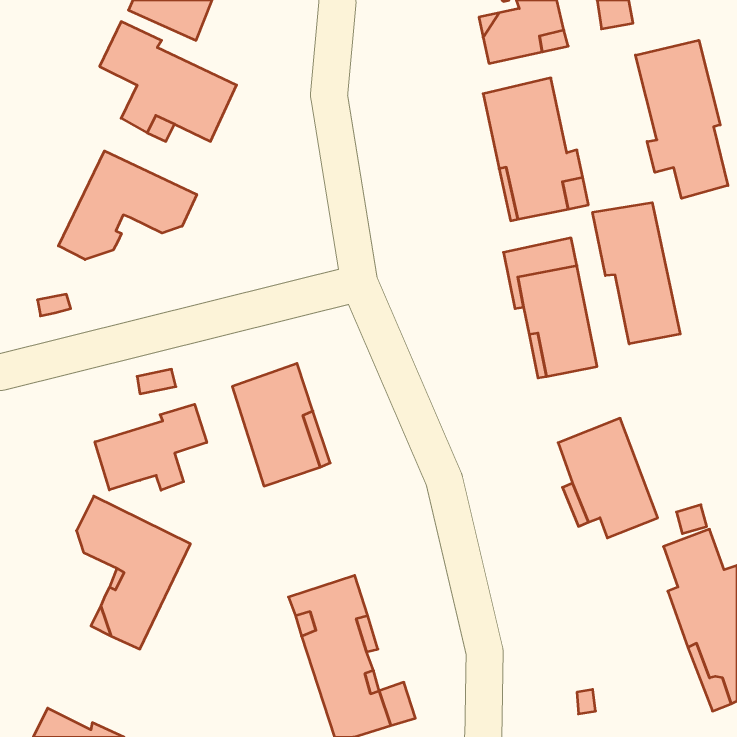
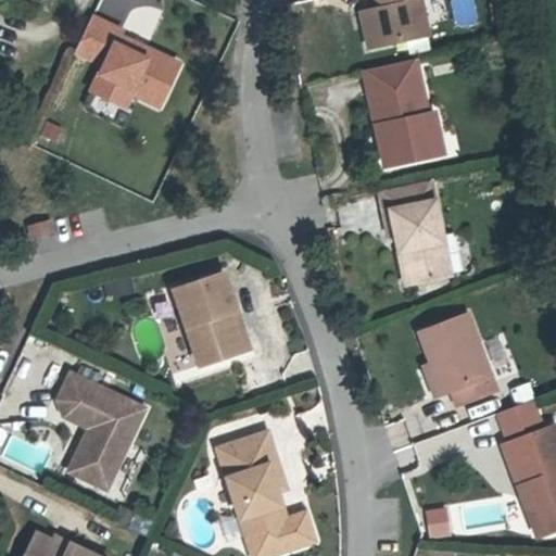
building: [635,40,728,198] -> none
building: [58,151,197,260] -> none
building: [593,203,680,344] -> none
building: [95,404,207,490] -> none

